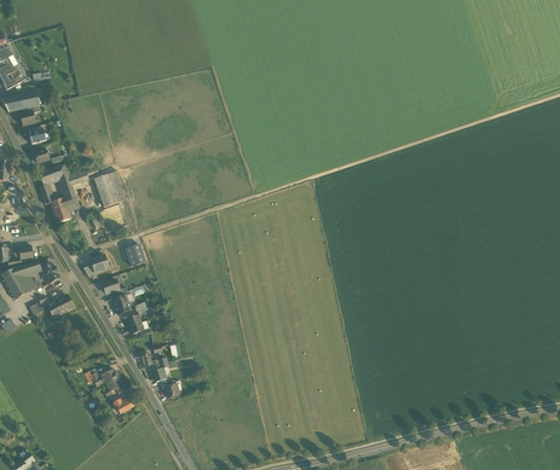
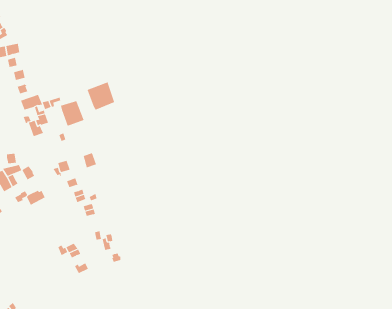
building: none -> [87,82,115,111]

